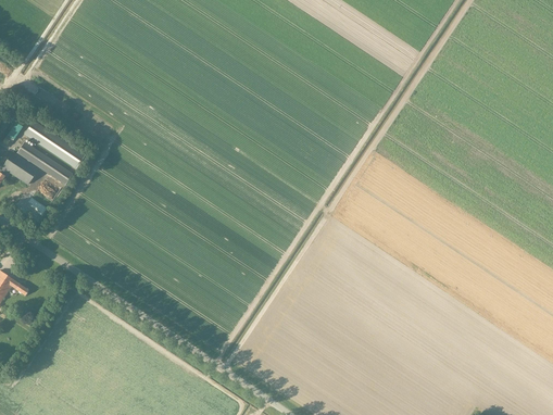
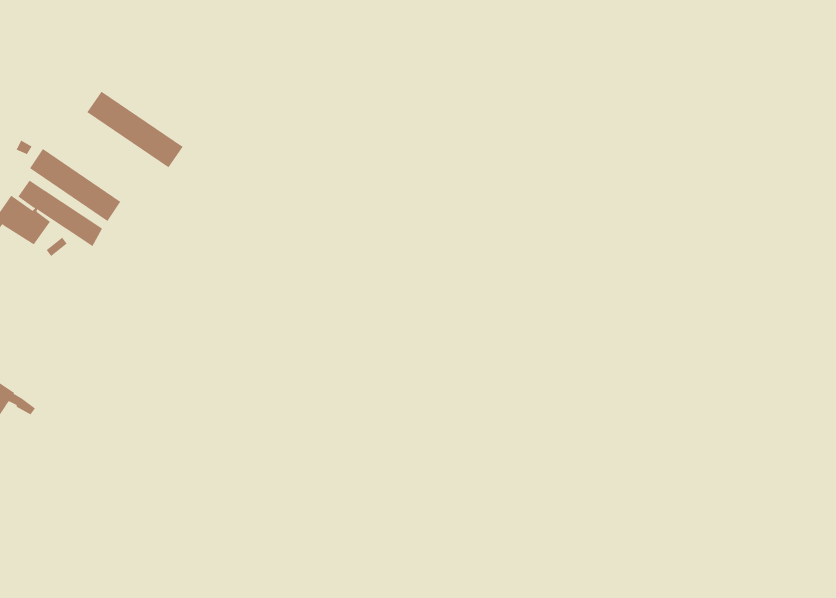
building: none -> [87,91,184,168]

